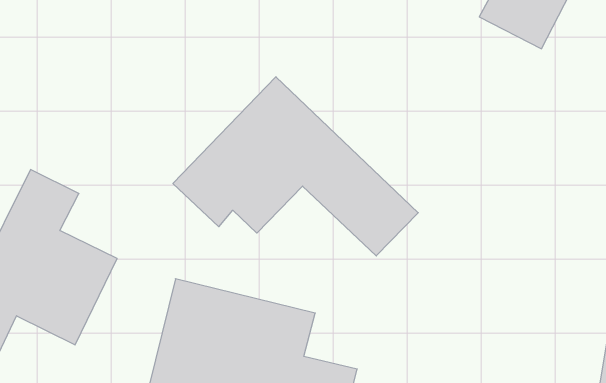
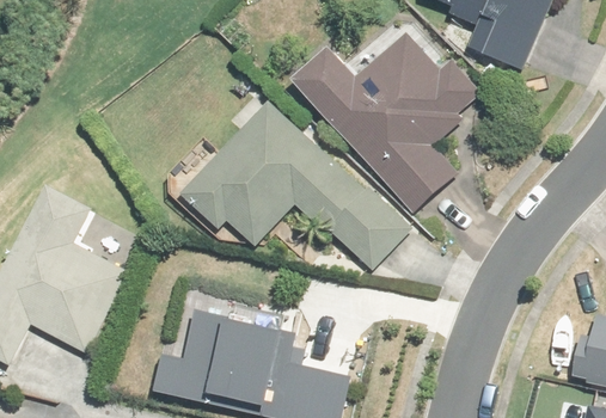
building: none -> [292,35,478,213]

